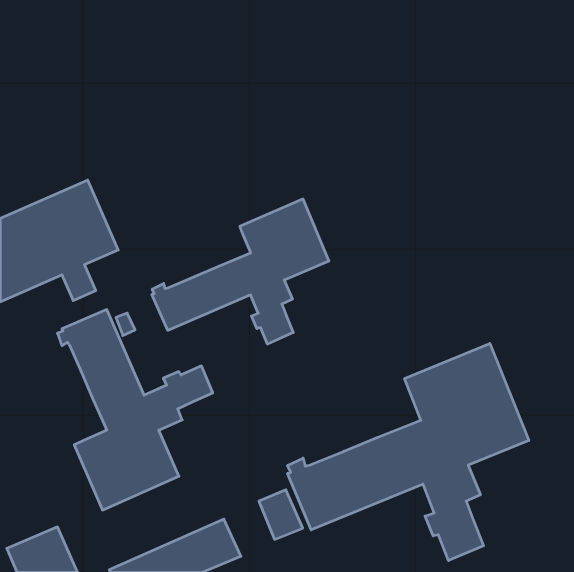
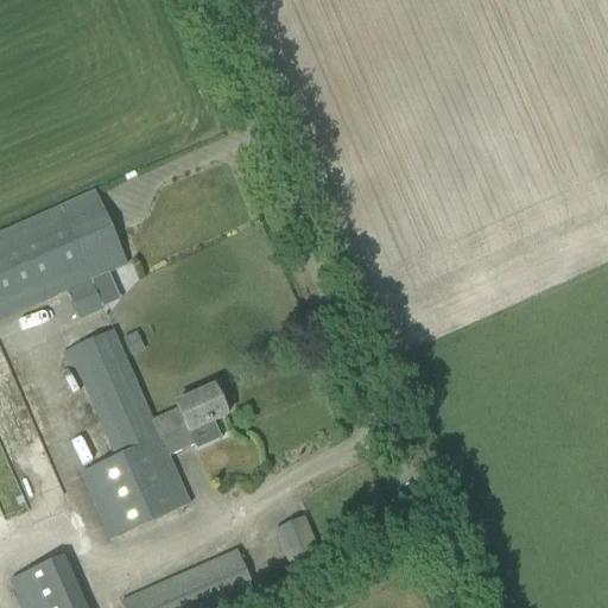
building: [152,199,329,344] -> none
building: [288,343,529,561] -> none

